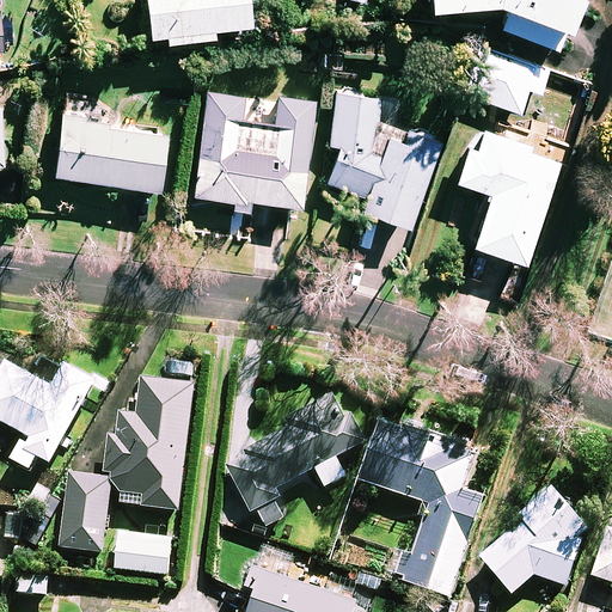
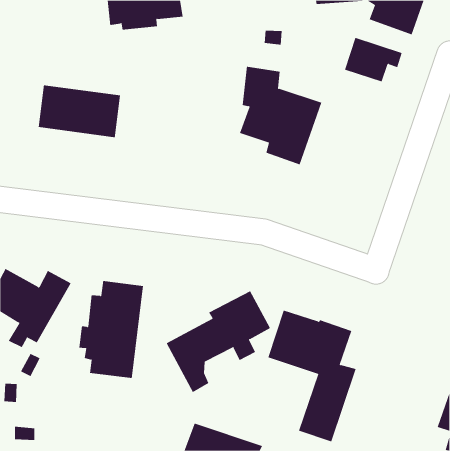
building: [191,92,312,207] -> none
building: [454,124,556,259] -> none
building: [61,476,112,555] -> none
building: [482,490,587,596] -> none
building: [116,534,171,576] -> none

